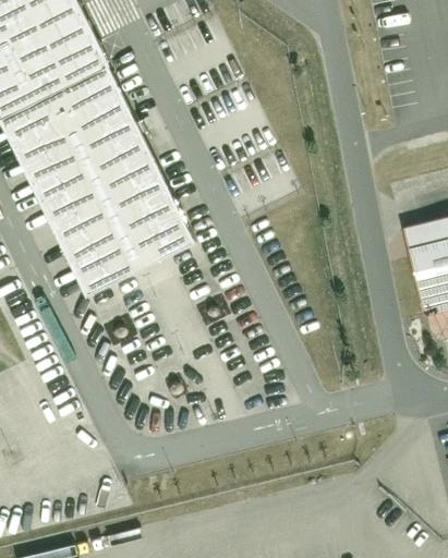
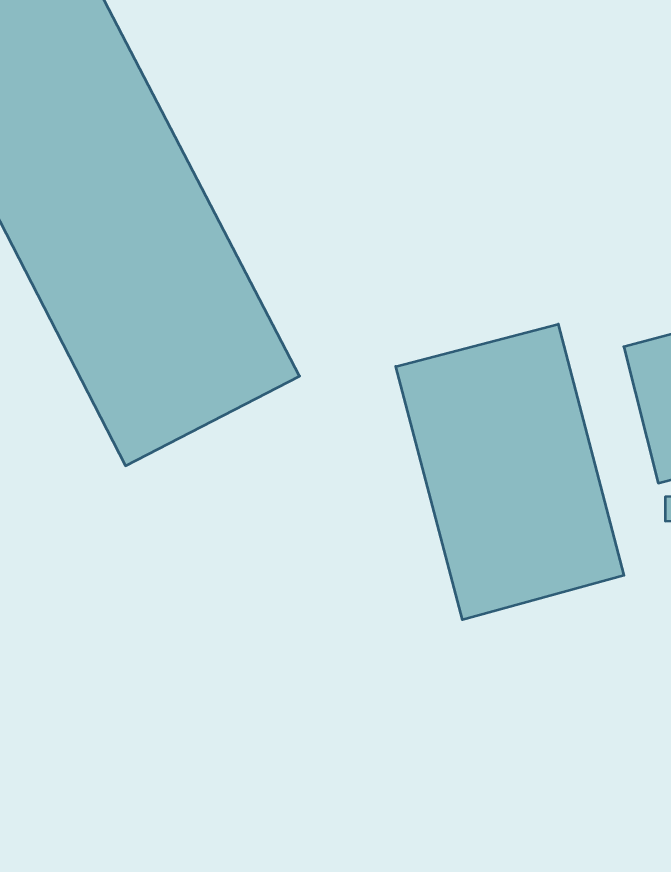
building: none -> [396,324,624,620]

